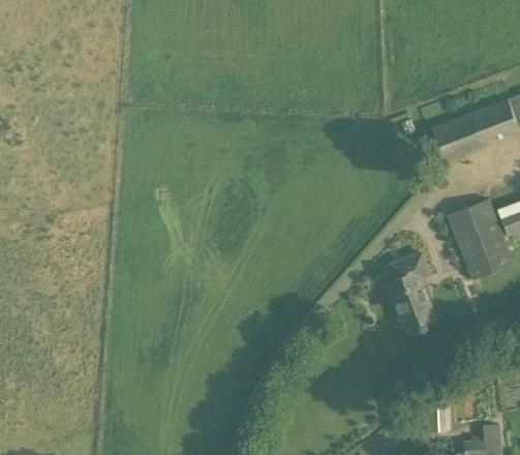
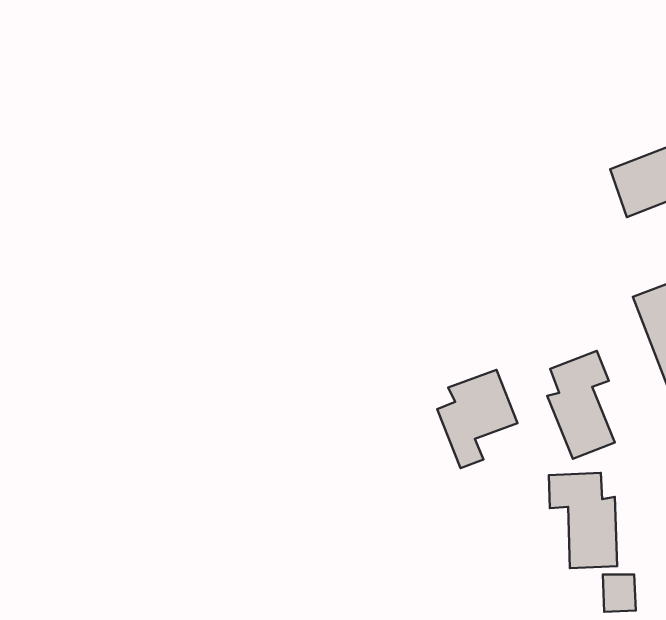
building: none -> [437,370,517,468]
building: none -> [549,473,617,568]

